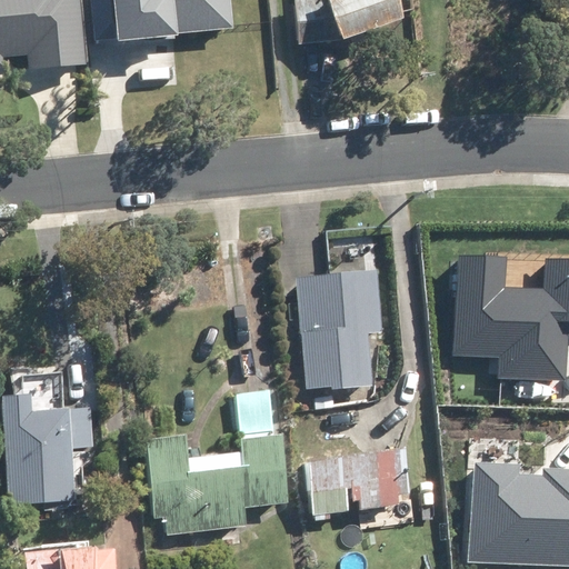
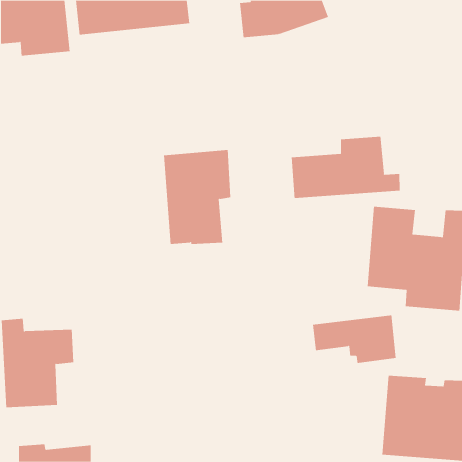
building: none -> [291,136,400,199]
building: [298,270,381,387] -> [163,150,231,245]
building: [146,433,287,533] -> none
building: [307,447,410,507] -> [312,315,397,364]

